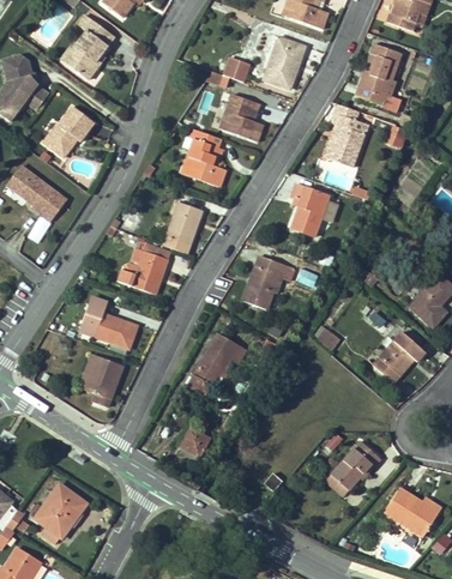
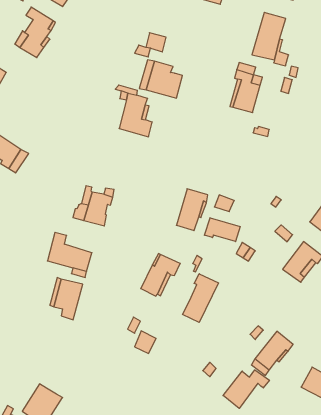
building: [263,37,305,89] -> none
building: [42,105,94,157] -> none
building: [291,183,329,236] -> none
building: [162,201,201,253] -> none
building: none -> [204,218,240,242]
building: none -> [183,274,218,322]
building: none -> [223,370,269,408]

